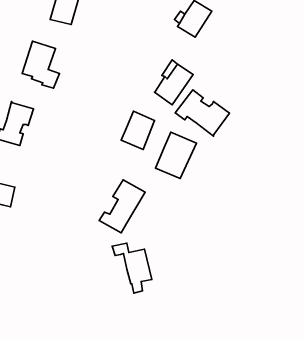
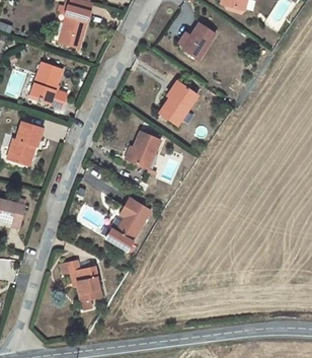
building: [175,90,229,136] -> none
building: [155,132,197,178] -> none
building: [112,243,152,293] -> [62,261,100,309]

